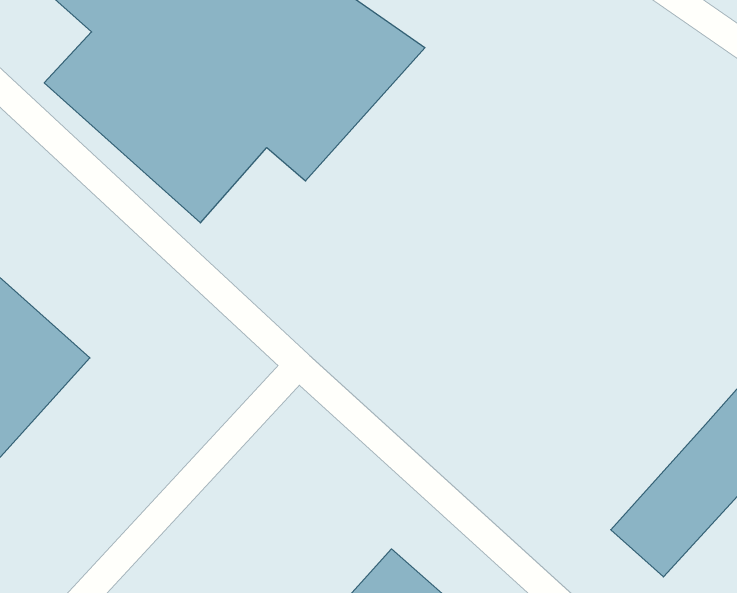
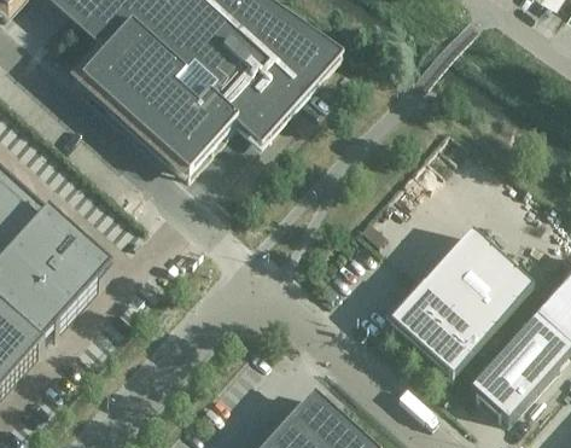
building: none -> [389,228,534,374]

